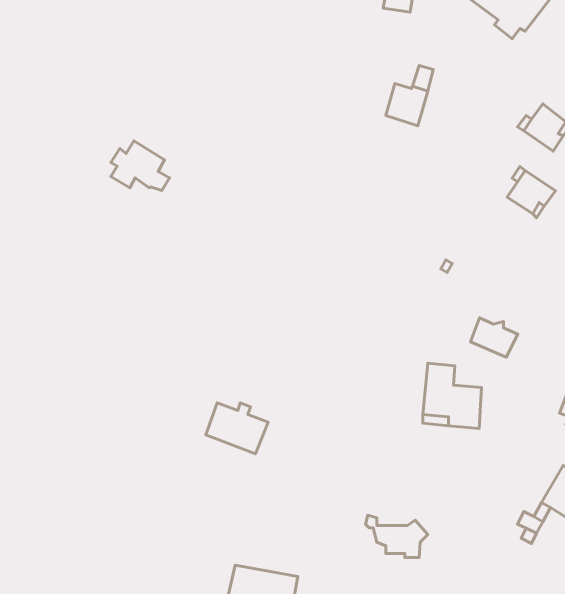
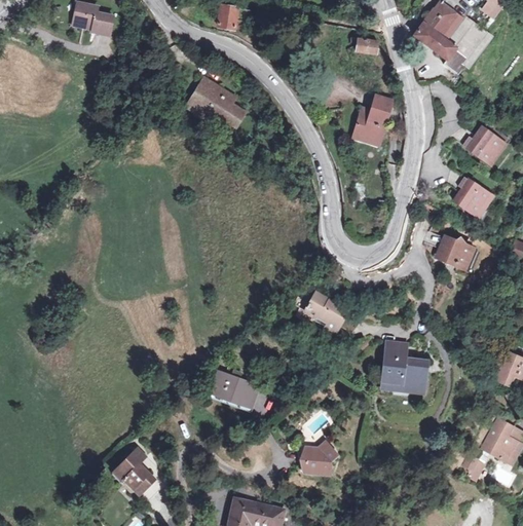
building: [111,141,170,191] -> [189,81,236,121]
building: none -> [304,291,345,333]
building: [470,318,518,357] -> [439,240,477,272]
building: none -> [112,454,147,495]
building: [365,515,428,557] -> [285,439,335,473]

